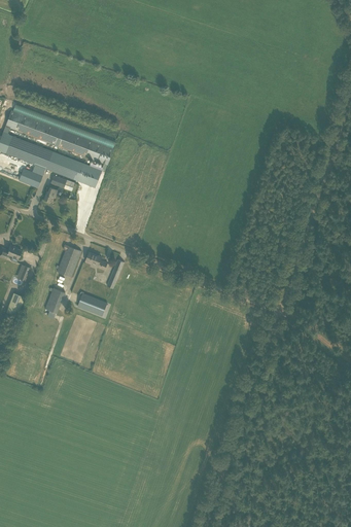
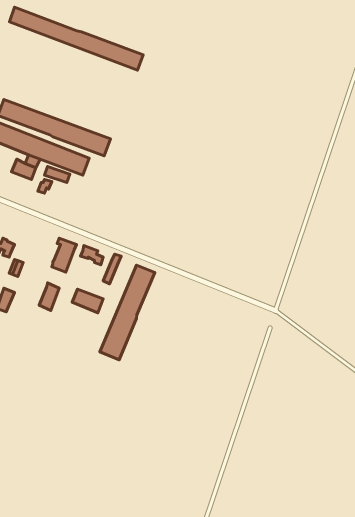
building: none -> [9,7,143,70]
building: none -> [100,265,155,360]

